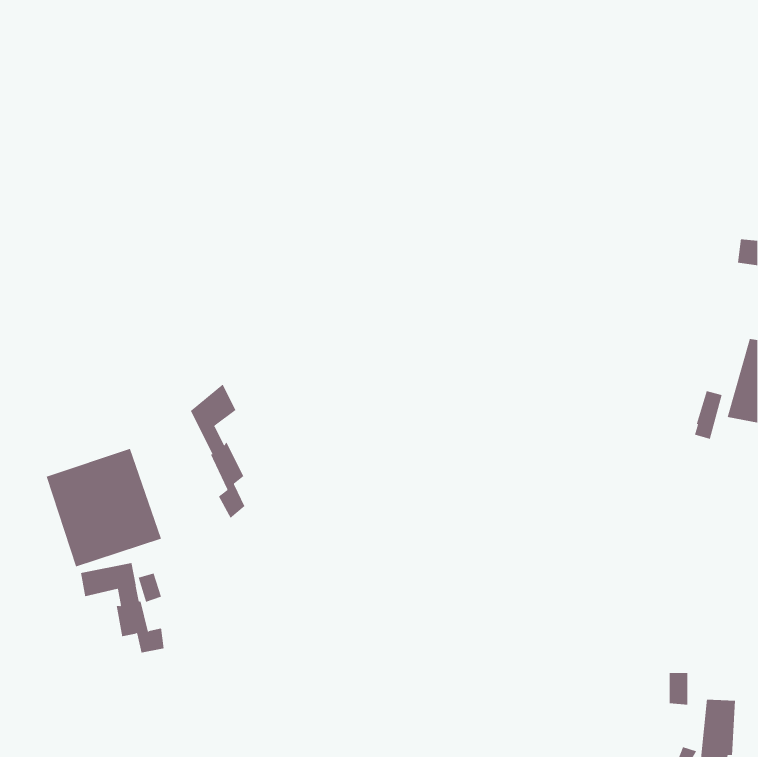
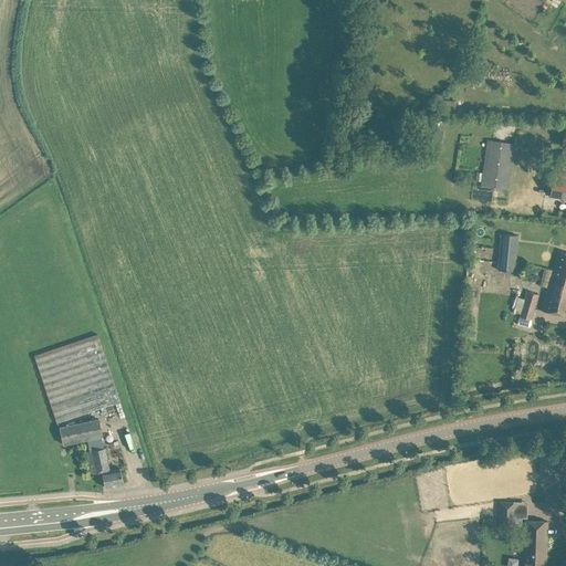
building: none -> [481,142,514,191]
building: none -> [497,234,517,272]
building: [190,384,245,519] -> none

